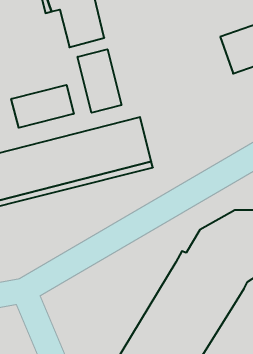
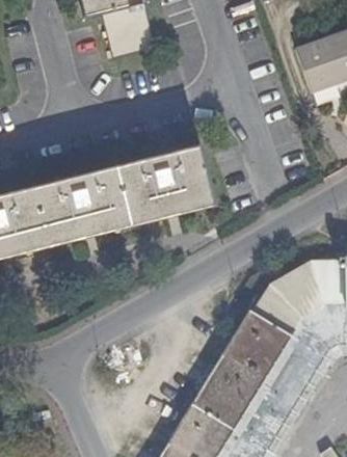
building: [78,49,121,113] -> none
building: [11,85,74,128] -> none

